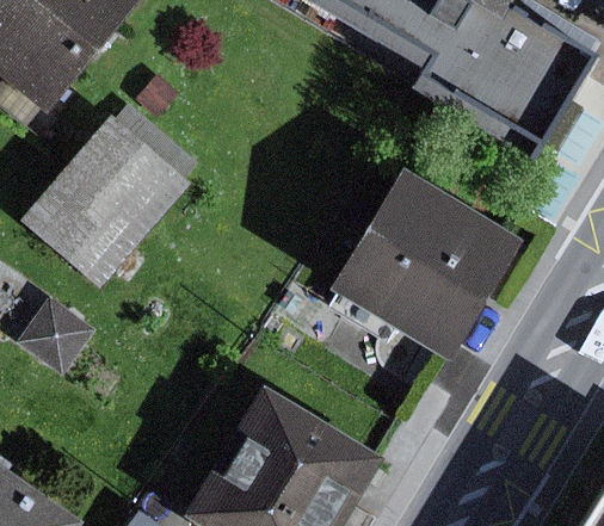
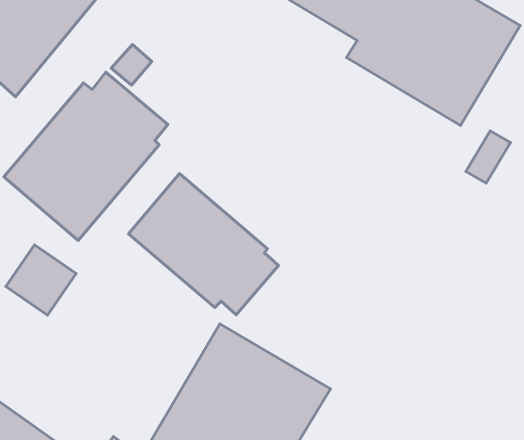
building: [321,163,518,359] -> none
building: none -> [129,173,279,315]

